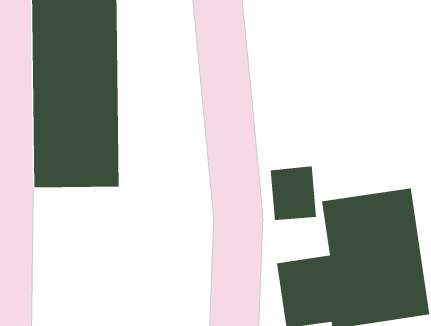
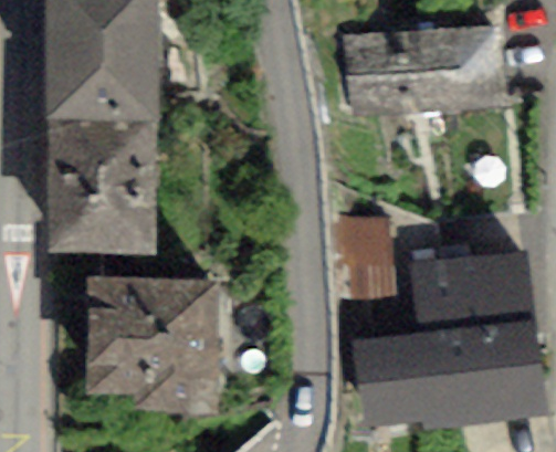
building: none -> [340,24,504,118]
building: none -> [85,274,214,398]

